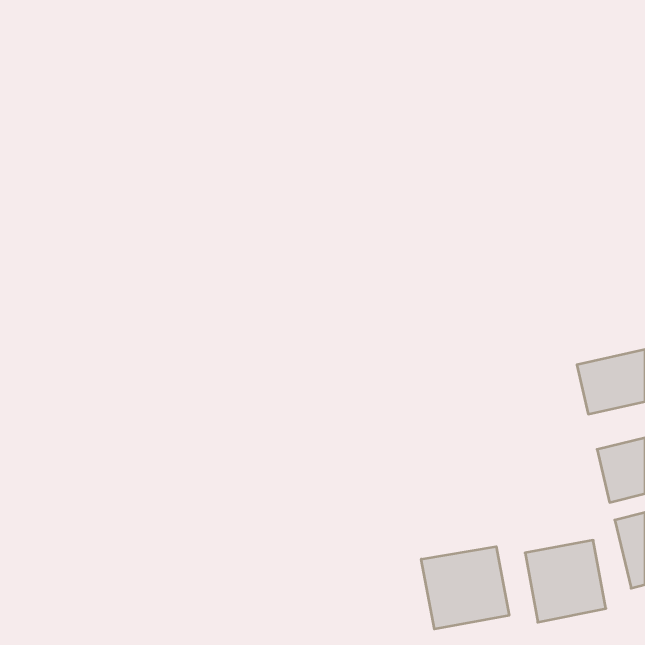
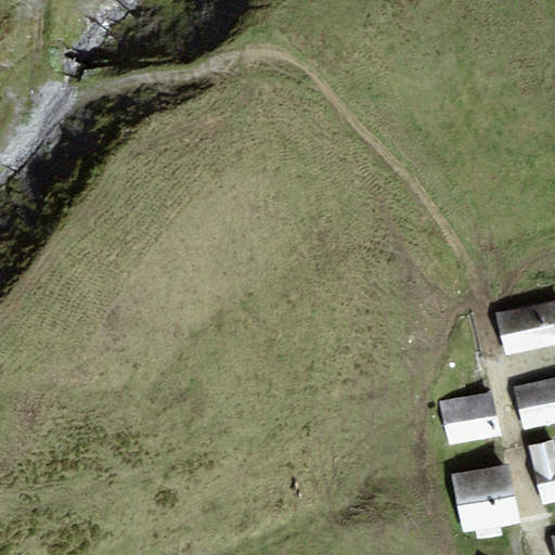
building: none -> [439,390,500,446]
building: [421,547,509,629] -> none

